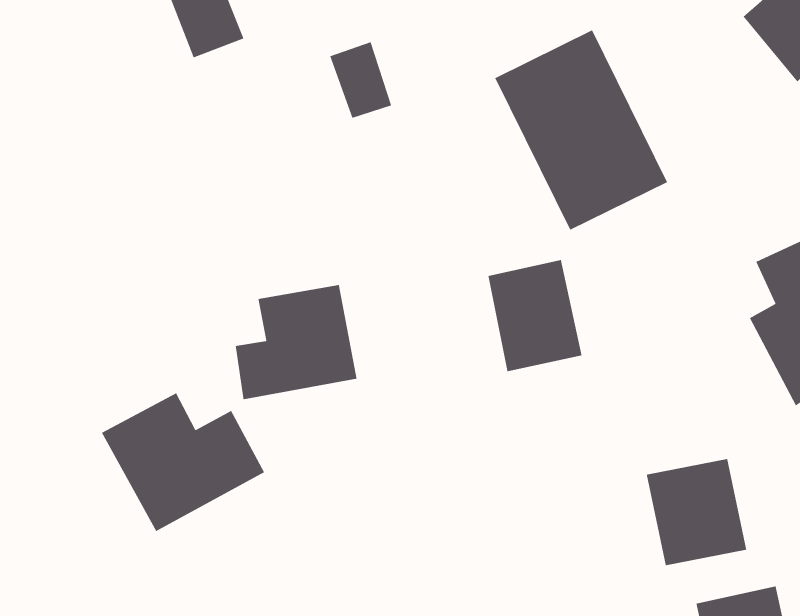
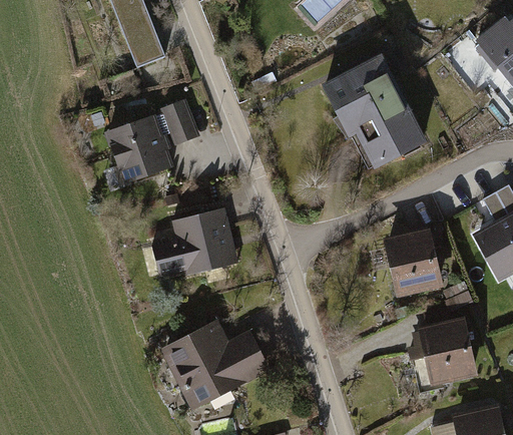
building: [329,41,392,119] -> [161,95,200,143]
building: none -> [111,114,166,177]
building: [487,259,583,372] -> [383,226,442,296]
building: [101,392,265,532] -> [166,322,269,409]

